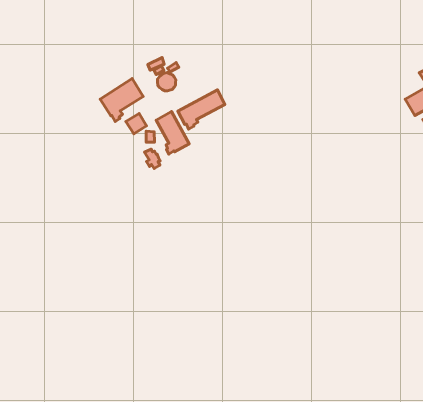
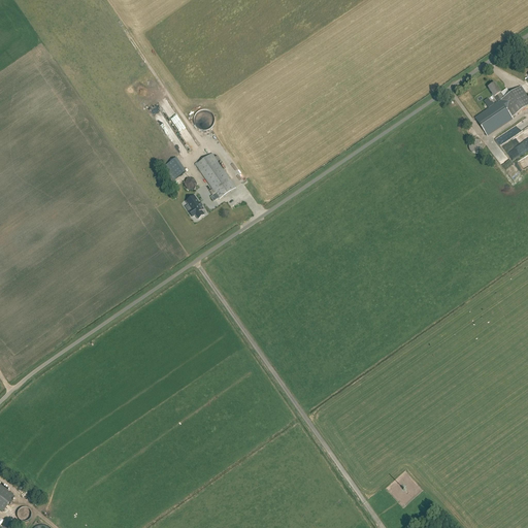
building: [100,78,143,122] -> none
building: [178,90,225,129] -> none

